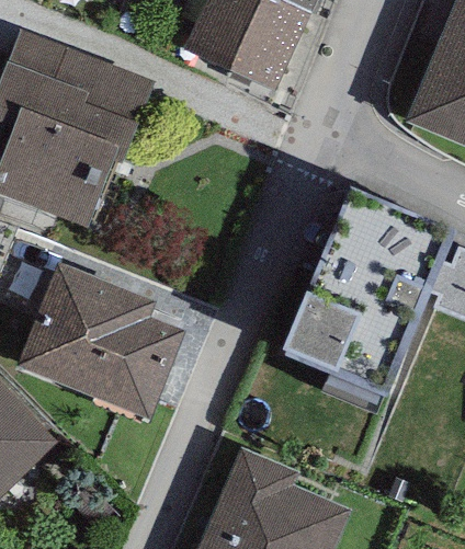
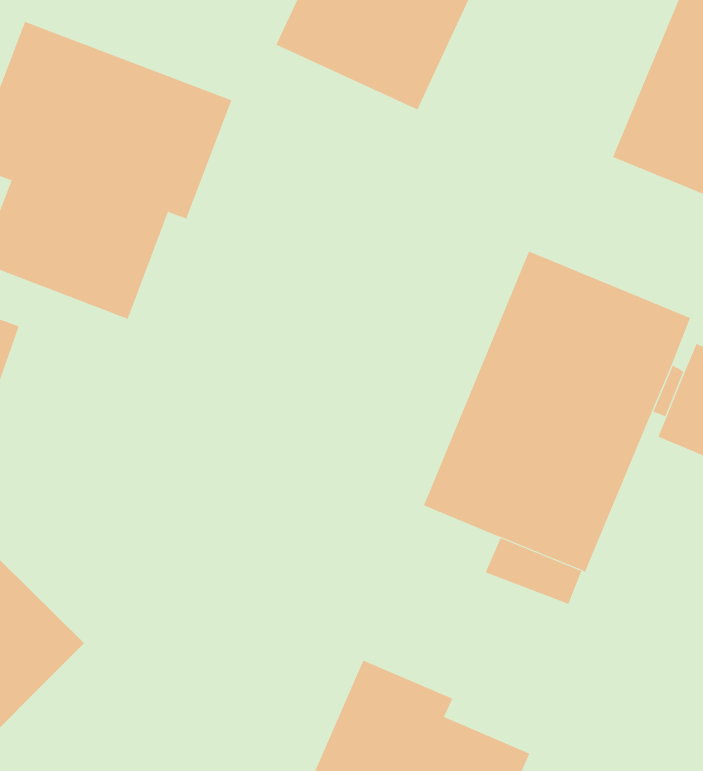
building: [15,261,184,418] -> none

